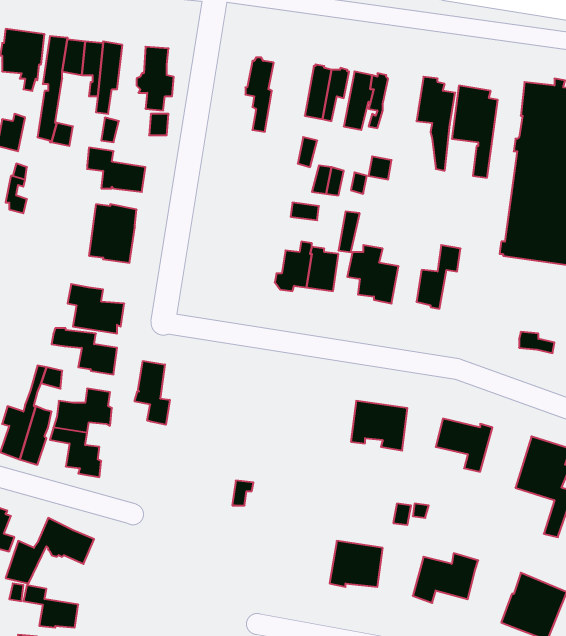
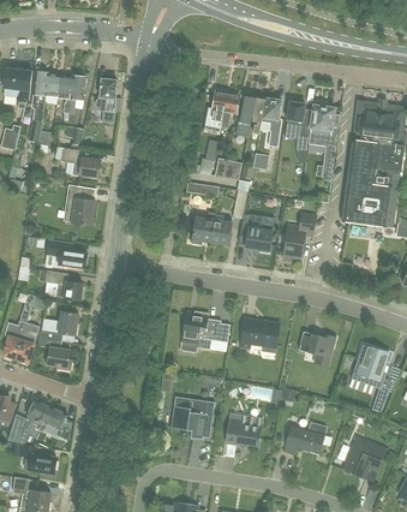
building: [245,57,274,132] -> [262,96,281,147]
building: [135,361,170,425] -> none
building: none -> [180,310,220,350]
building: none -> [170,397,214,439]

